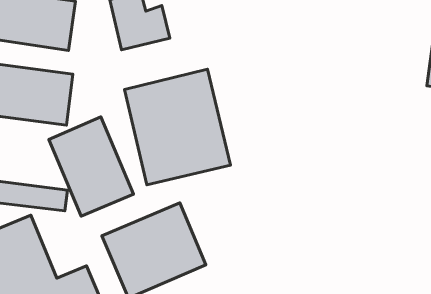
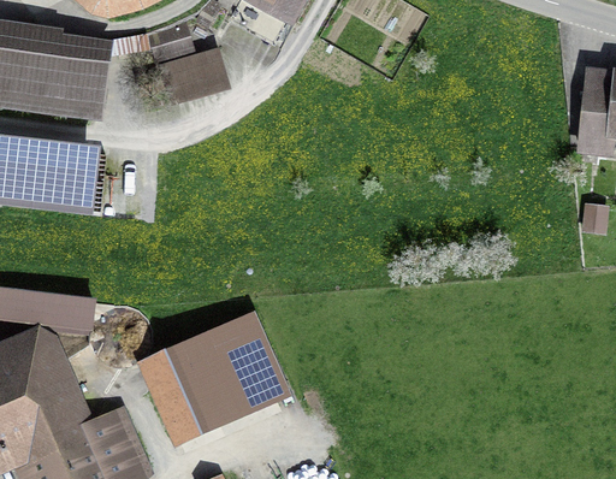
building: [125,69,230,185] -> none
building: [49,117,134,216] -> none

